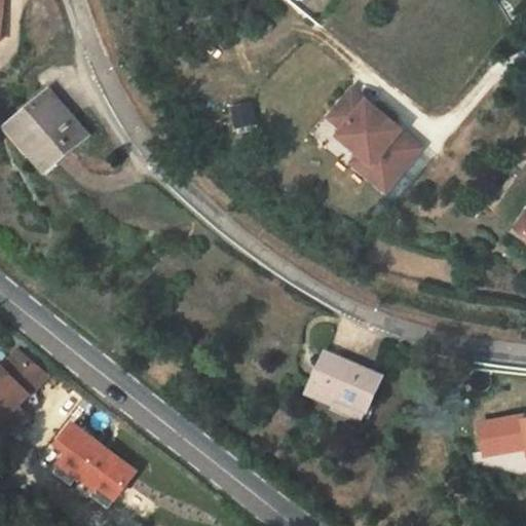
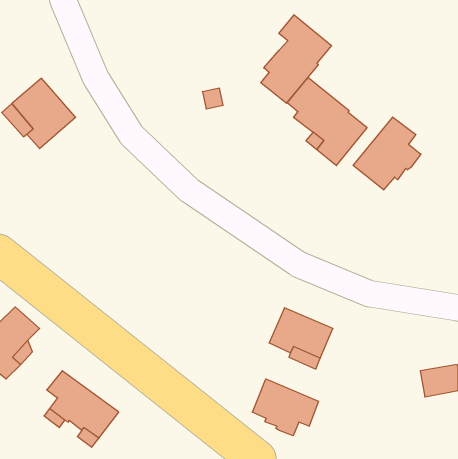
building: none -> [261,15,332,103]
building: none -> [353,117,421,190]
building: none -> [252,379,319,436]

